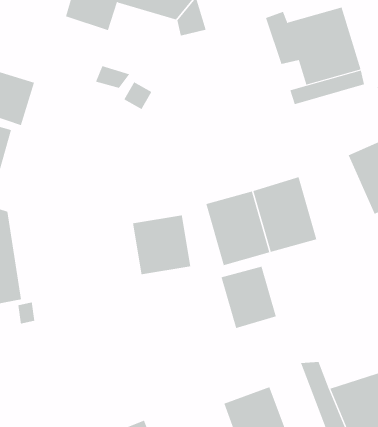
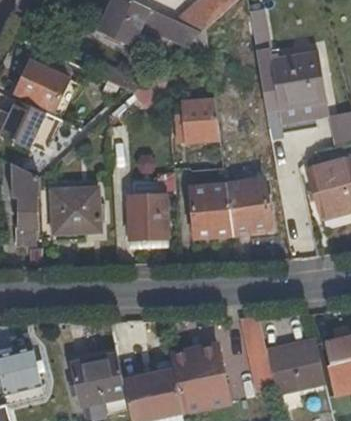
building: none -> [181,102,219,147]
building: none -> [50,188,101,242]
building: [221,266,276,329] -> none

